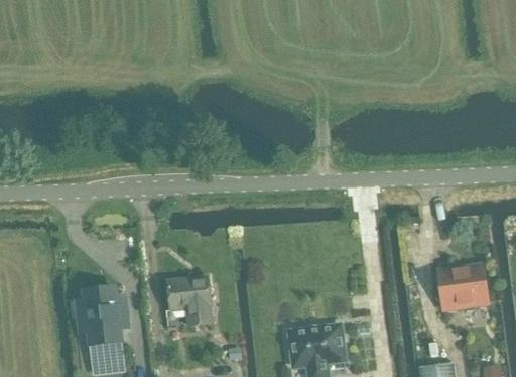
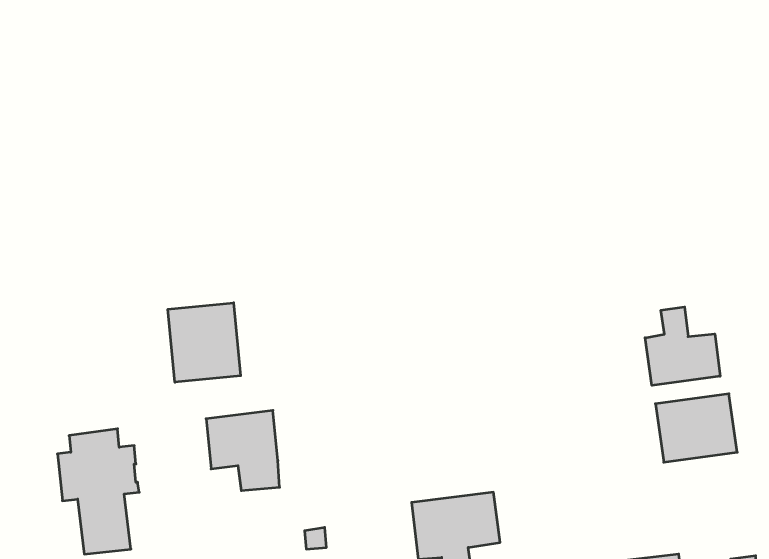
building: none -> [168,303,241,382]
building: none -> [645,307,720,385]

